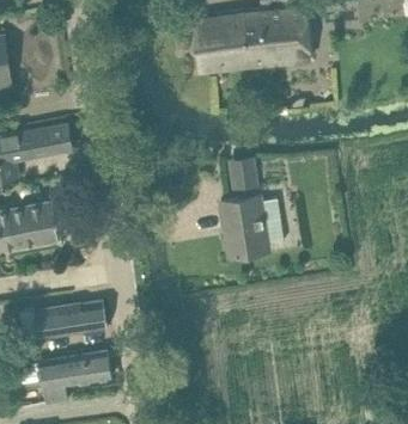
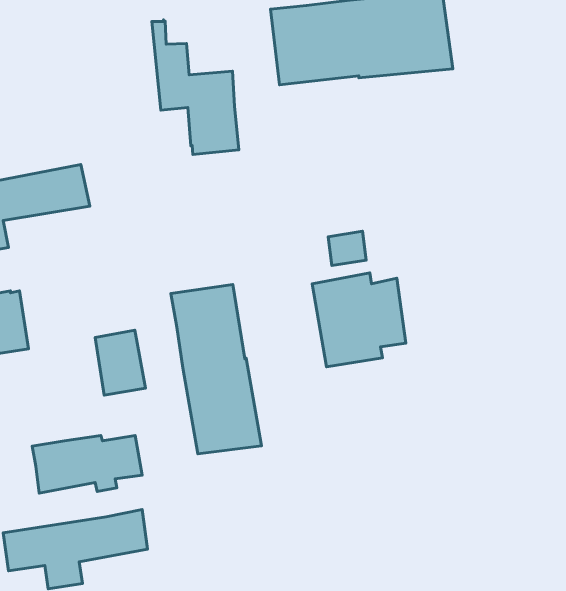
building: none -> [152,20,239,154]
building: [26,202,60,245] -> [95,330,146,395]
building: none -> [171,284,261,454]

